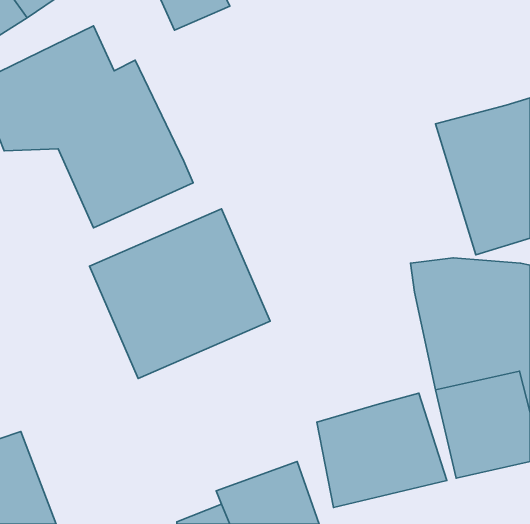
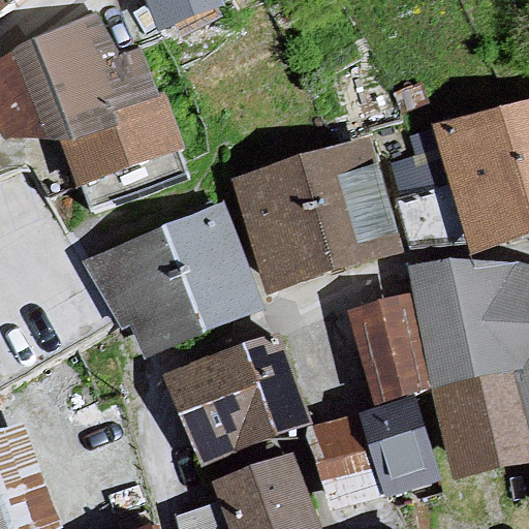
building: none -> [231,132,405,292]
building: none -> [347,290,433,402]
building: none -> [165,326,315,461]

